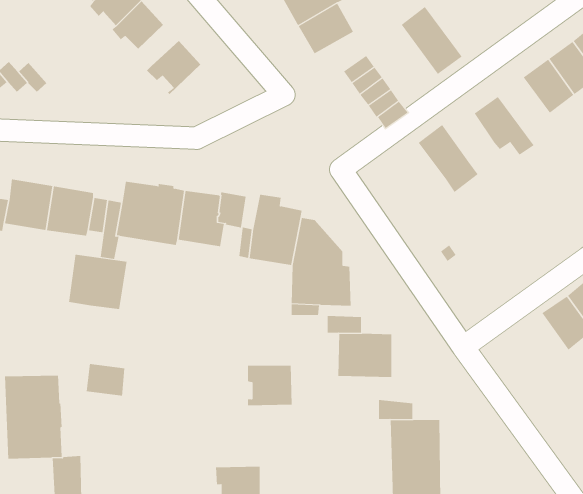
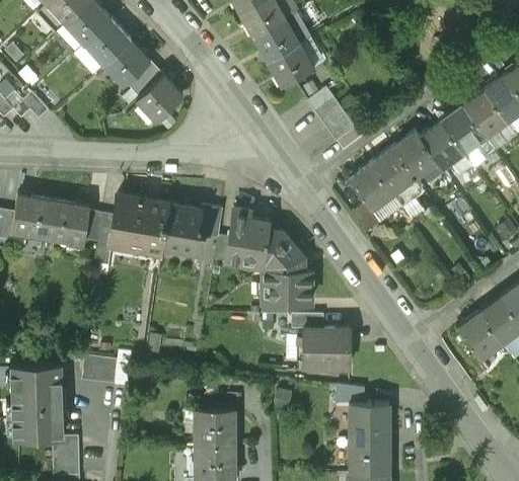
building: [401,6,463,75] -> [441,107,495,167]
building: none -> [127,62,163,97]
building: none -> [392,133,437,180]
building: none -> [349,164,394,212]
building: [68,254,127,310] -> none
building: none -> [456,312,502,360]
building: [247,365,293,406] -> [195,410,234,446]

